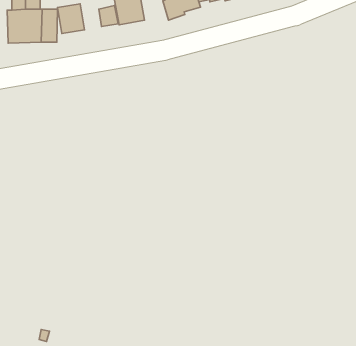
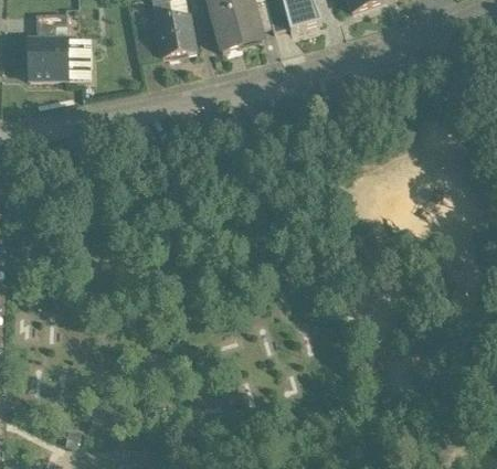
building: [57,4,85,34] -> none

